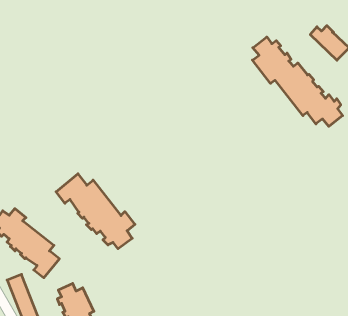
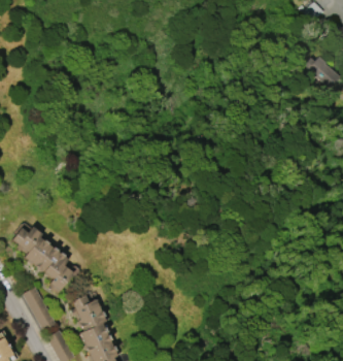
building: [252,37,343,126] -> none
building: [56,174,135,249] -> none

